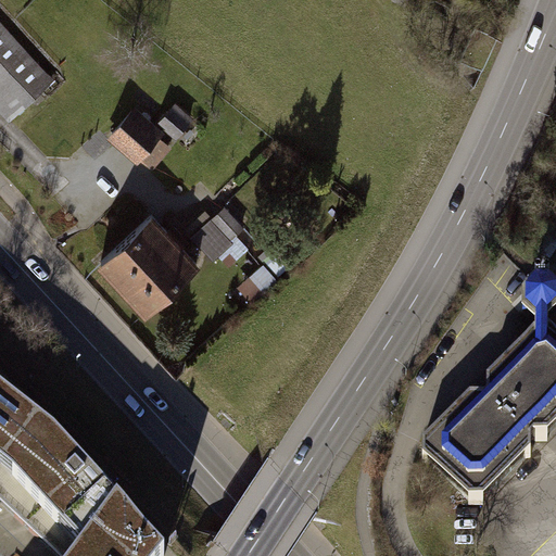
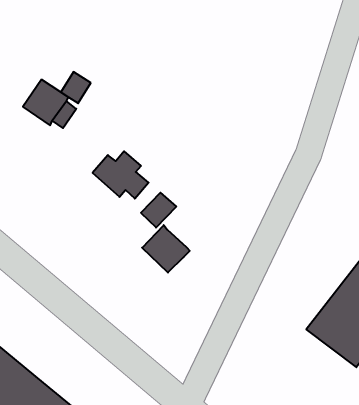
building: [100,215,198,312] -> none
building: none -> [142,225,190,273]

